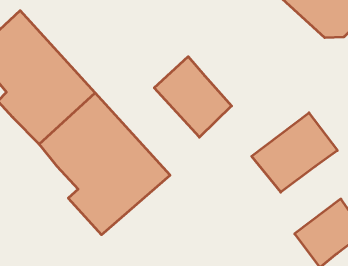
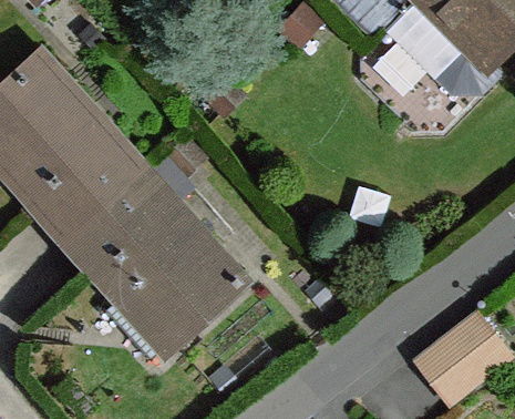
building: [154,57,232,137] -> none
building: [252,113,337,192] -> none

